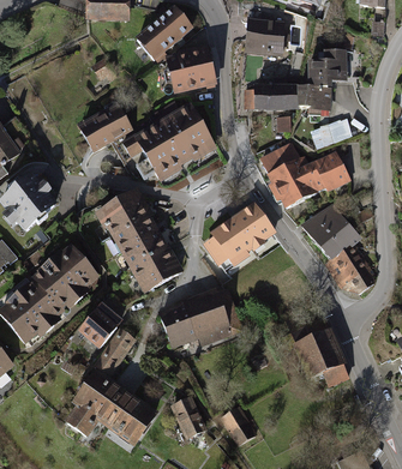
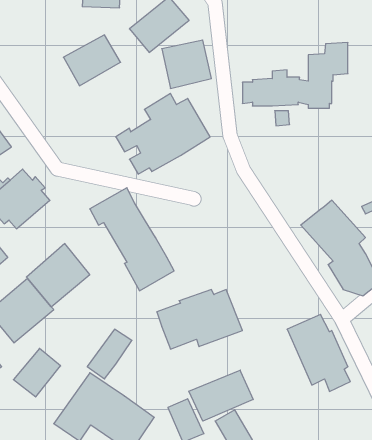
building: [244,17,286,56] -> none
building: [78,102,133,151] -> [63,35,121,86]
building: [310,118,353,148] -> none
building: [254,142,350,211] -> none
building: [205,206,271,265] -> none
building: [78,302,124,349] -> [13,348,61,397]
building: none -> [189,370,253,421]

